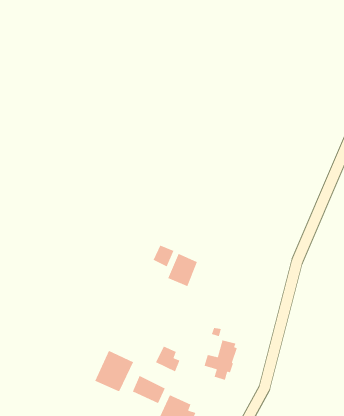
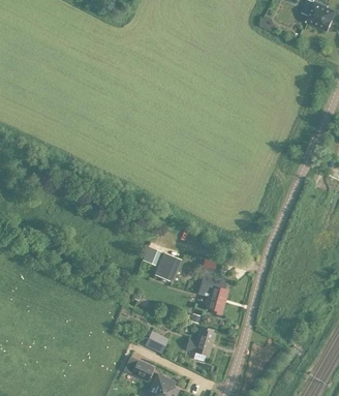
building: none -> [198,258,226,314]
building: [94,350,134,392] -> none

